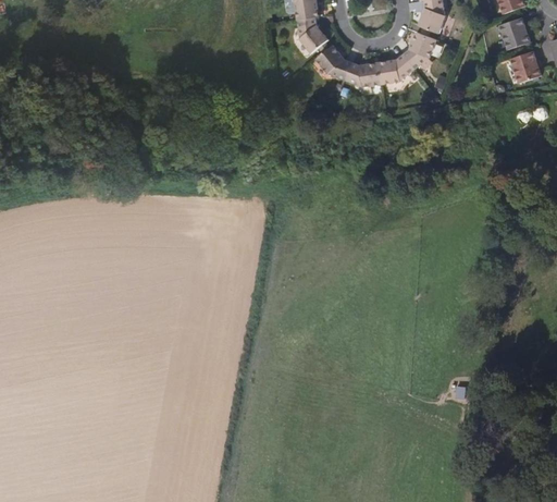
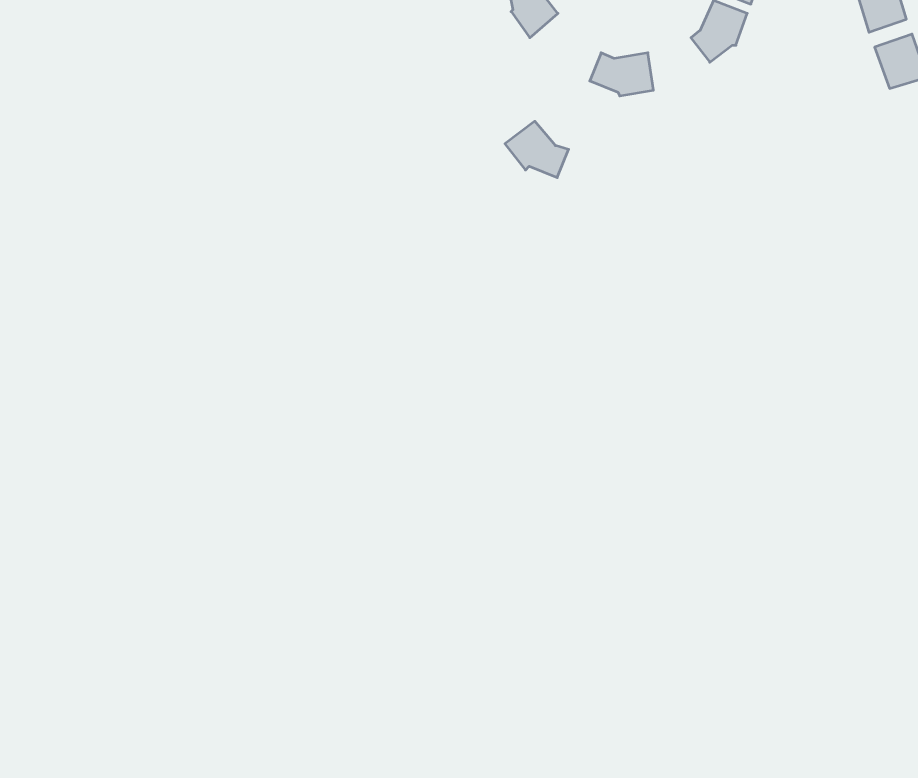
building: [314,45,351,77] -> [505,121,569,178]
building: [379,52,414,83] -> none

